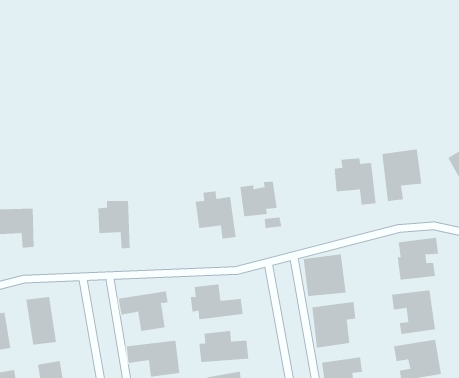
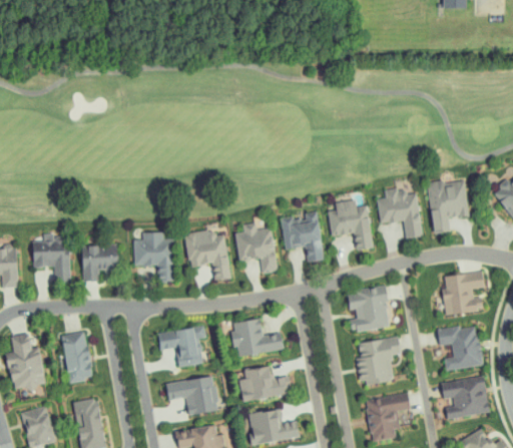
building: none -> [329,199,373,249]
building: none -> [184,230,230,280]
building: none -> [80,244,119,281]

